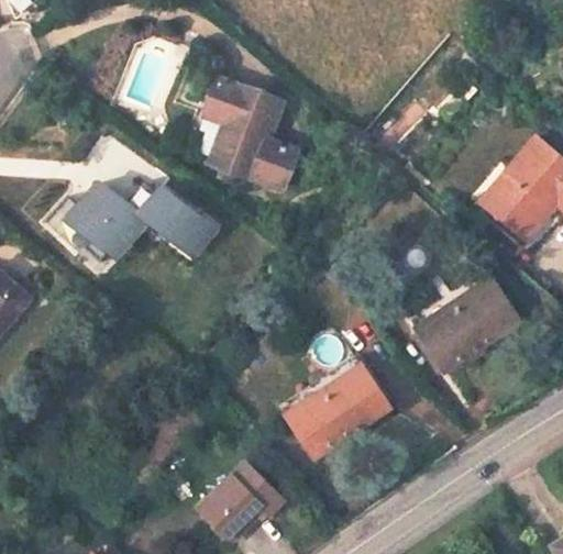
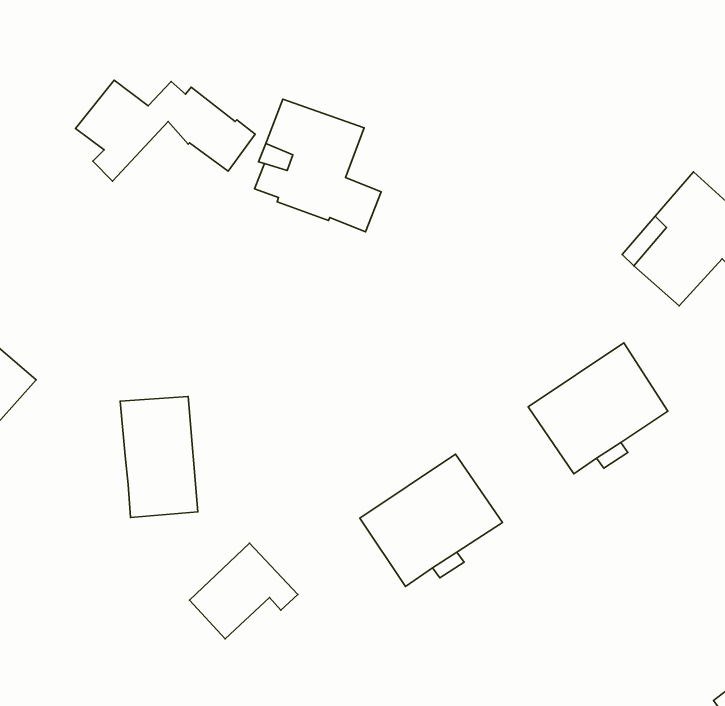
building: [71,182,210,261] -> [76,80,255,181]
building: none -> [120,396,198,518]
building: [198,465,282,539] -> [189,543,298,639]

